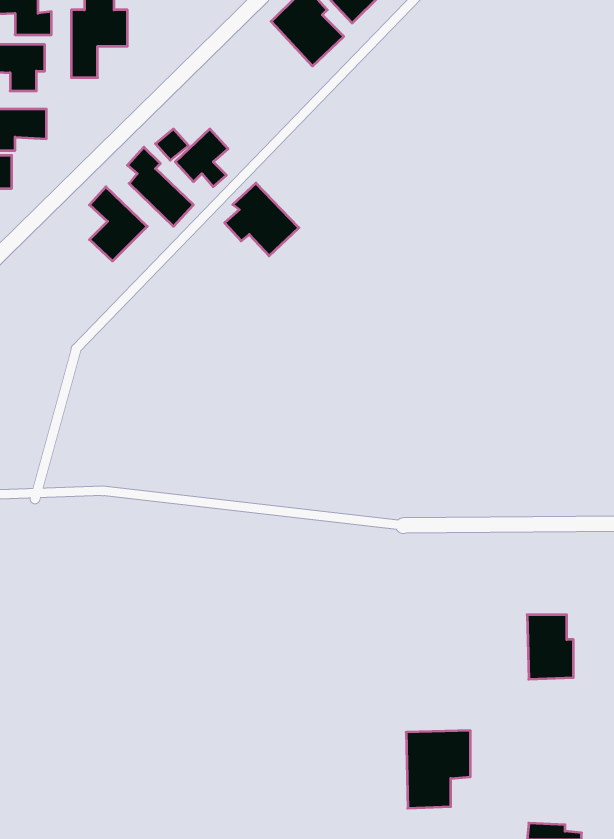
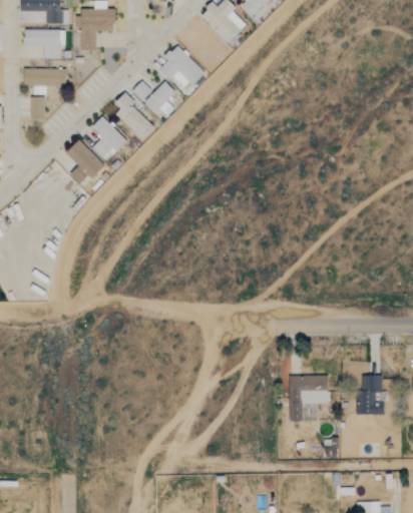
building: [225,183,299,256] -> [158,45,203,89]
building: none -> [65,140,104,185]
building: [406,731,470,808] -> [288,375,327,422]

